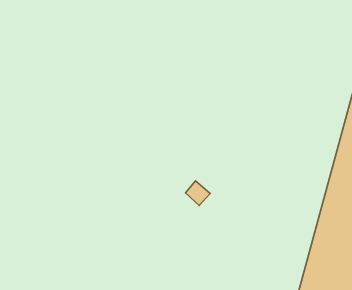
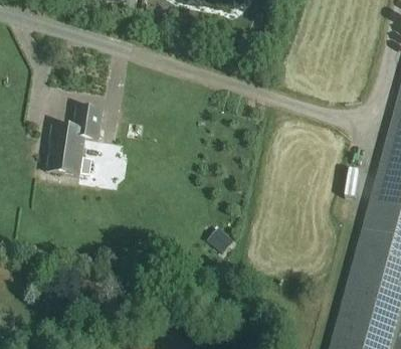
building: none -> [47,106,104,175]

